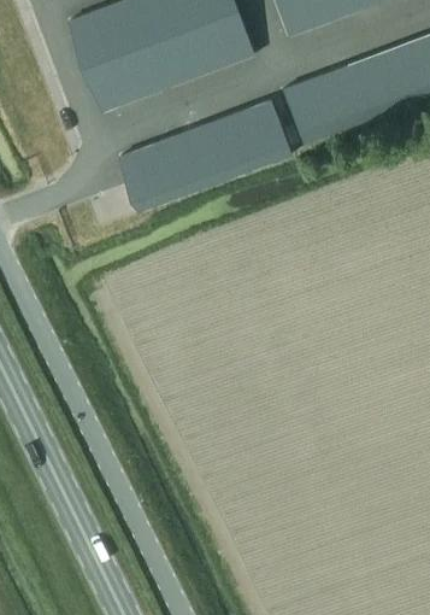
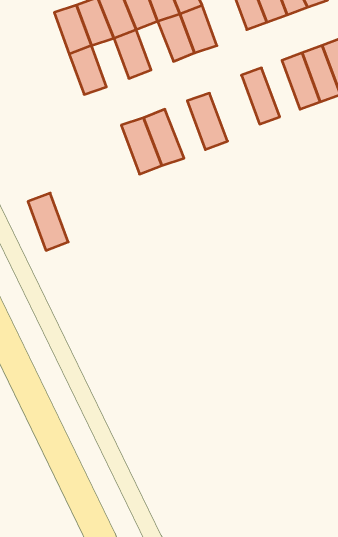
building: [163,27,205,82] -> none
building: [112,46,154,101] -> none
building: [305,71,348,135] -> none
building: [246,99,291,163] -> none
building: [195,117,241,182] -> none
building: [120,145,166,210] -> [28,193,68,250]

